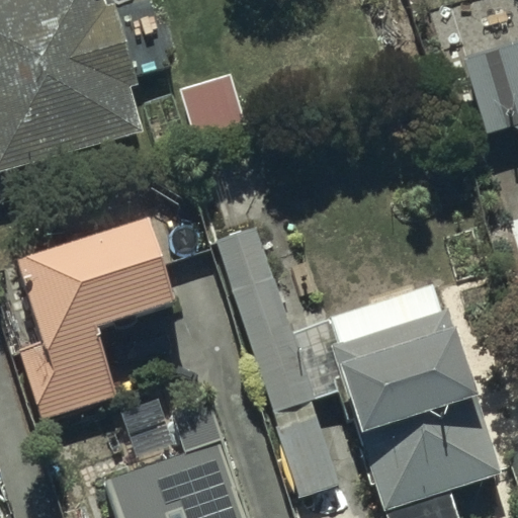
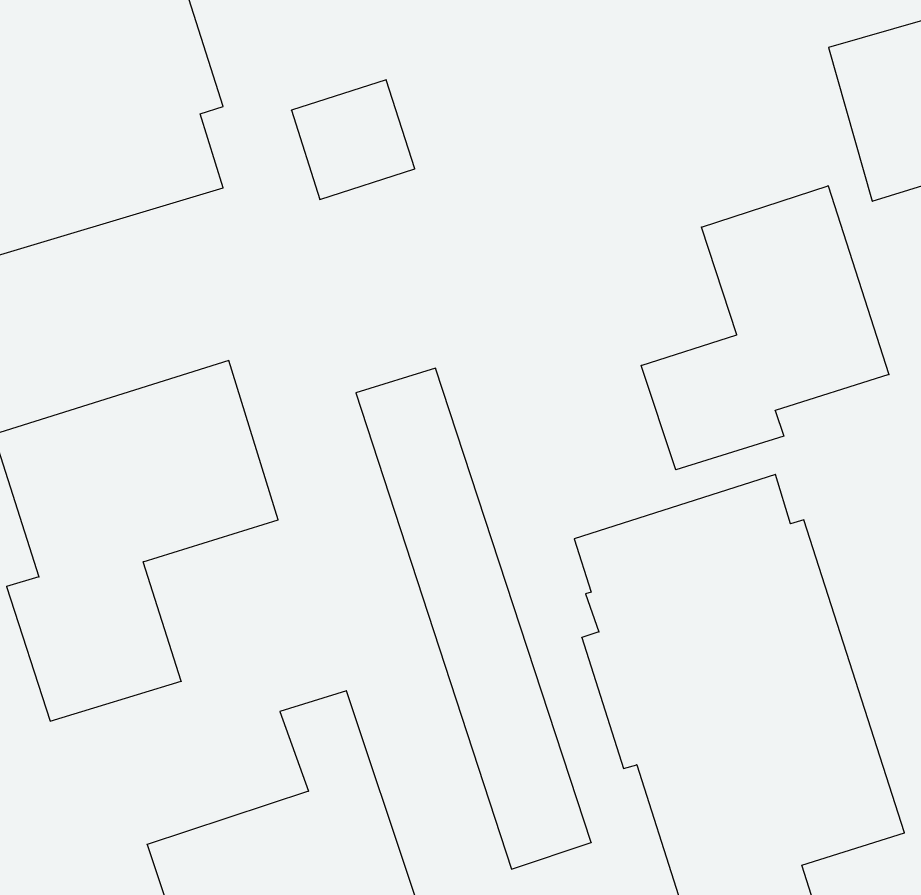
building: none -> [641,186,889,470]

